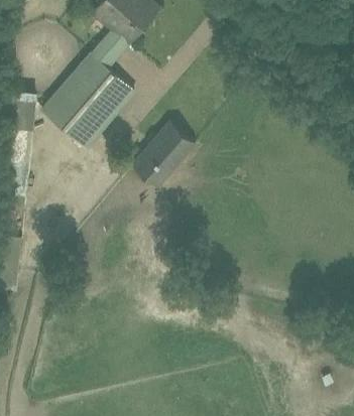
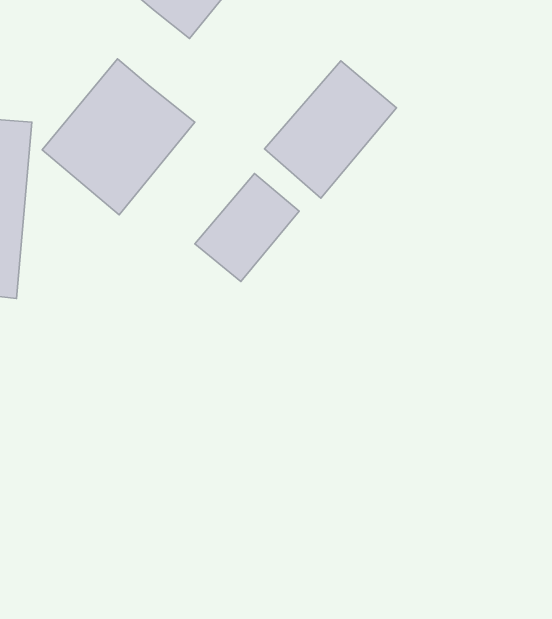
building: [87,27,129,72] -> none
building: none -> [265,61,397,198]

